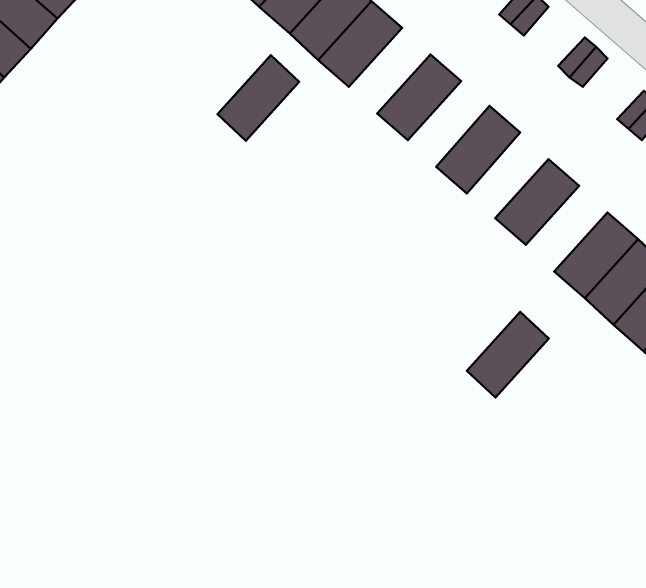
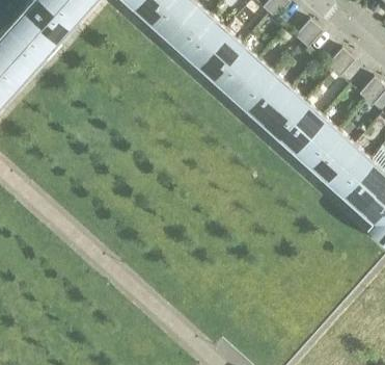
building: [217,55,299,141] -> [214,46,258,93]
building: none -> [246,75,291,122]
building: none -> [278,103,323,150]
building: [467,312,549,398] -> [310,132,355,179]

